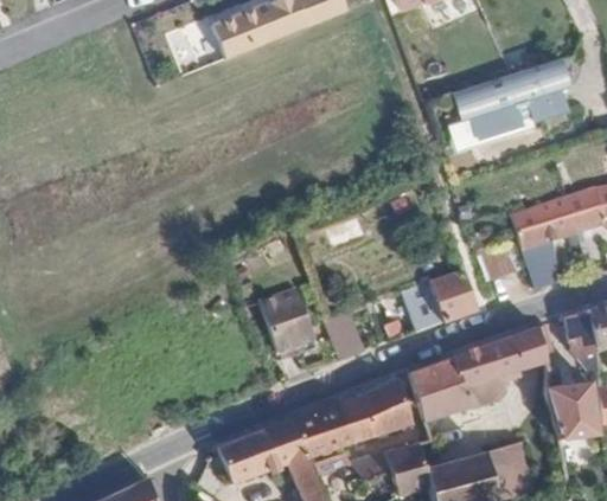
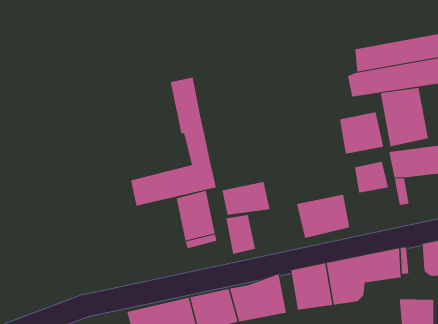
building: none -> [380,87,428,147]
building: none -> [130,77,216,207]
building: none -> [340,112,384,155]
building: none -> [222,181,270,216]

